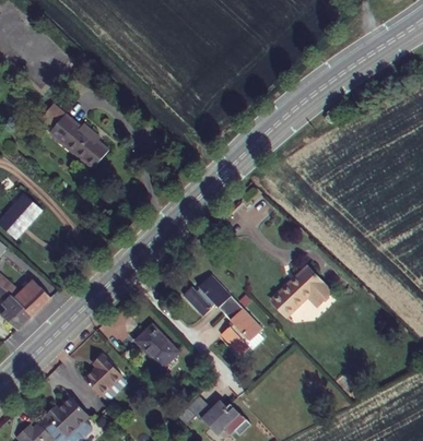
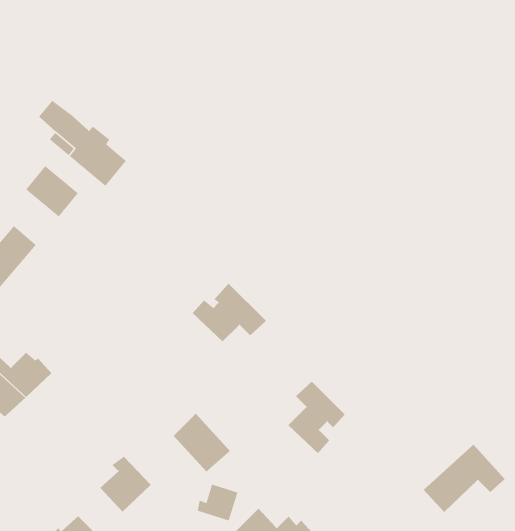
building: none -> [25,165,79,218]
building: [271,267,330,317] -> [423,444,505,513]
building: [184,275,237,318] -> [192,283,267,342]
building: none -> [197,484,239,522]

